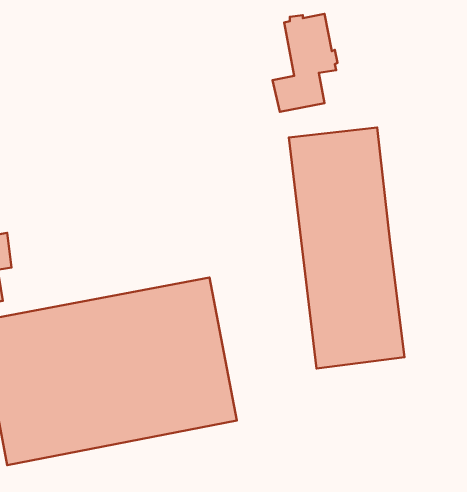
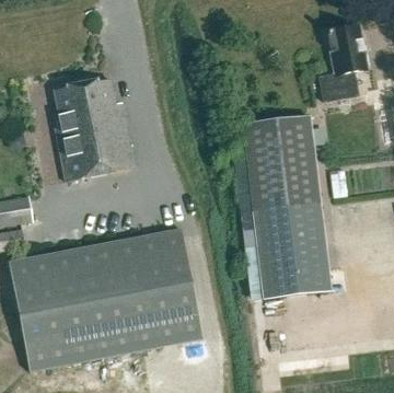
building: [273,14,338,112] -> [317,26,367,101]
building: none -> [54,79,134,180]

